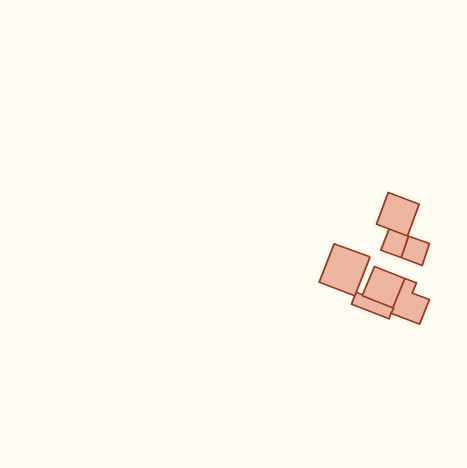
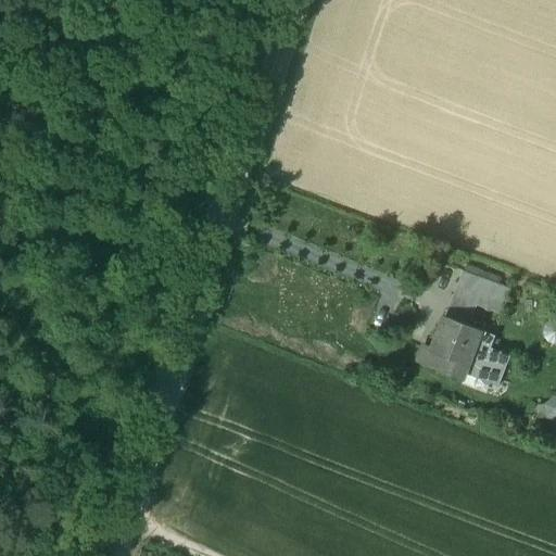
building: [377,192,419,236] -> none
building: [319,244,370,296] -> none

